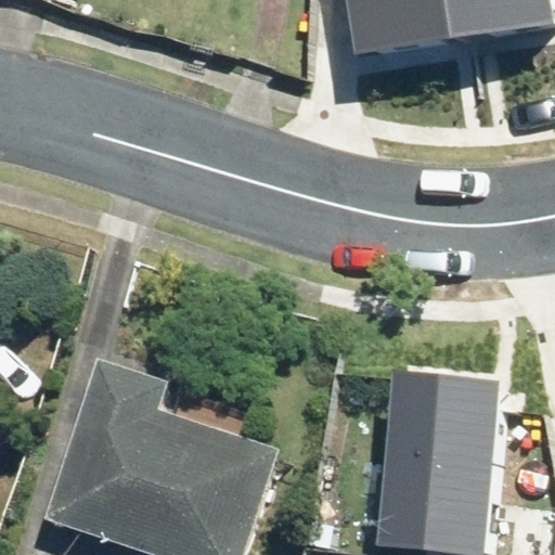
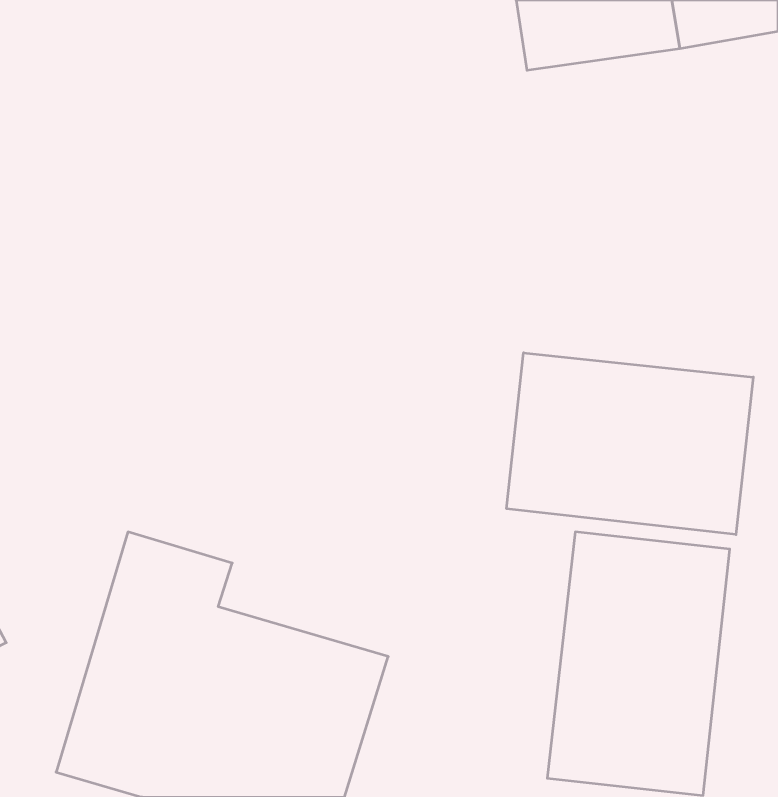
building: none -> [507,353,753,535]

